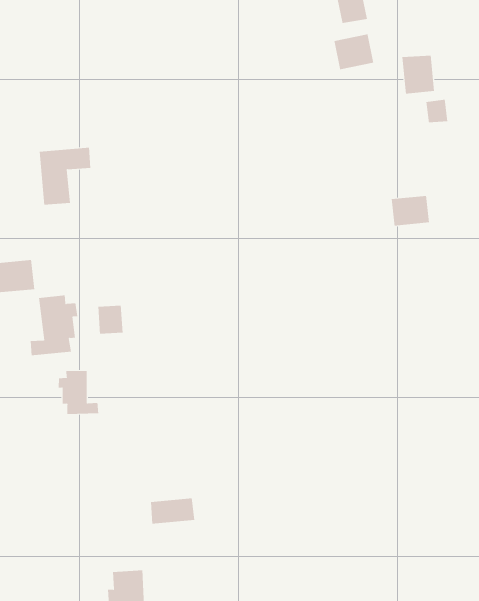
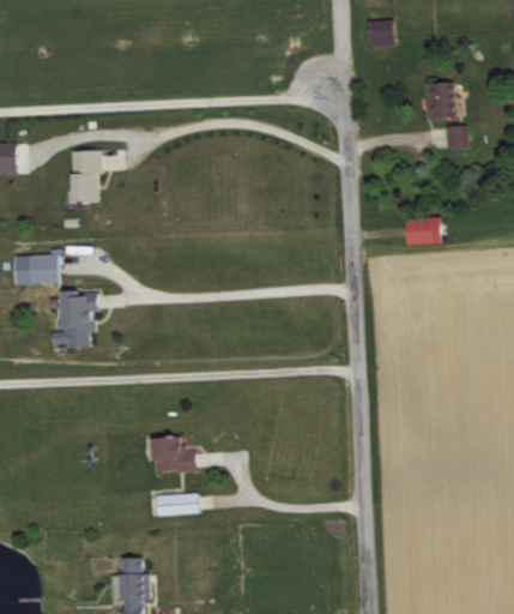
building: [334,33,374,70] -> none
building: [98,305,123,334] -> none
building: [58,370,99,415] -> none
building: none -> [152,438,196,472]

